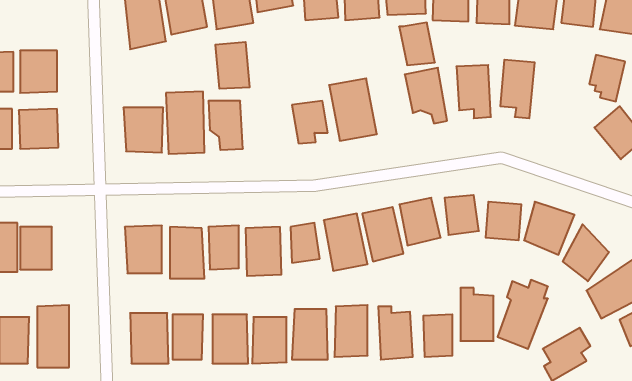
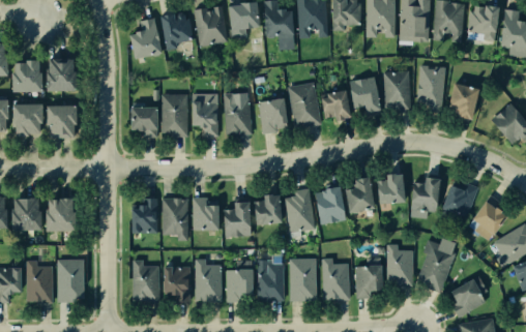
building: [399,23,435,65] -> [321,88,349,121]
building: [215,42,250,89] -> [225,99,252,135]
building: [589,55,625,101] -> [452,84,480,120]

